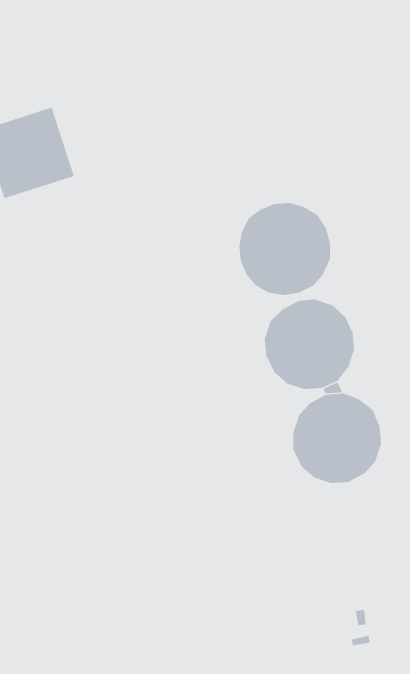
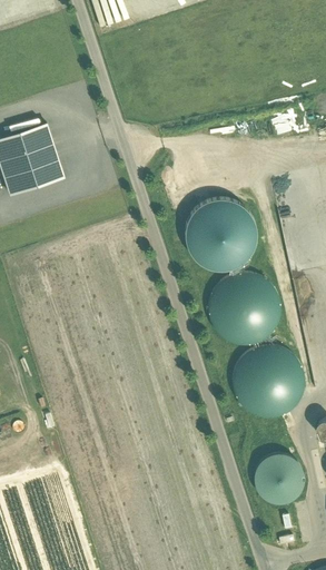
building: none -> [254,456,298,502]

